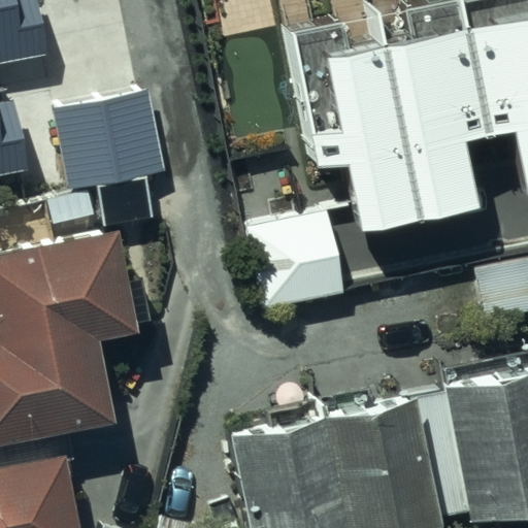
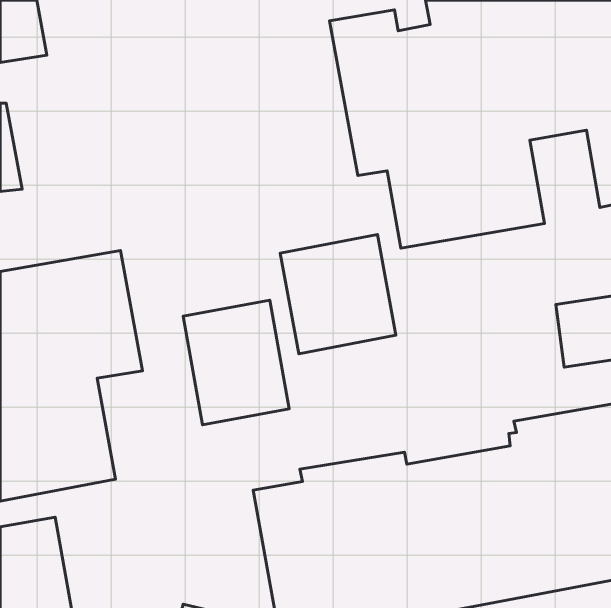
building: [62,98,166,199] -> none
building: none -> [183,300,289,425]

